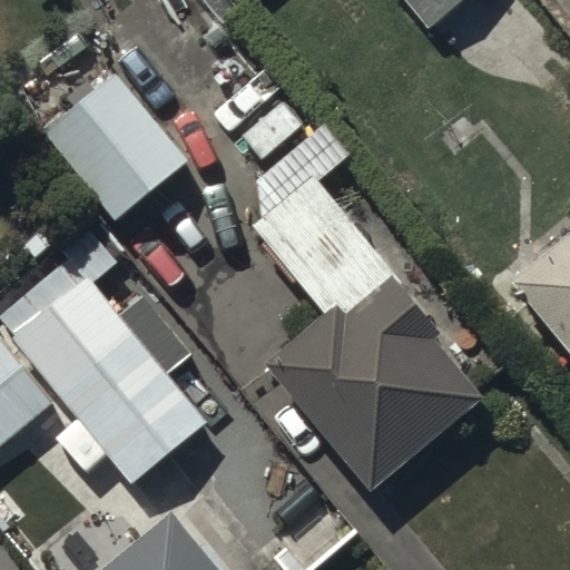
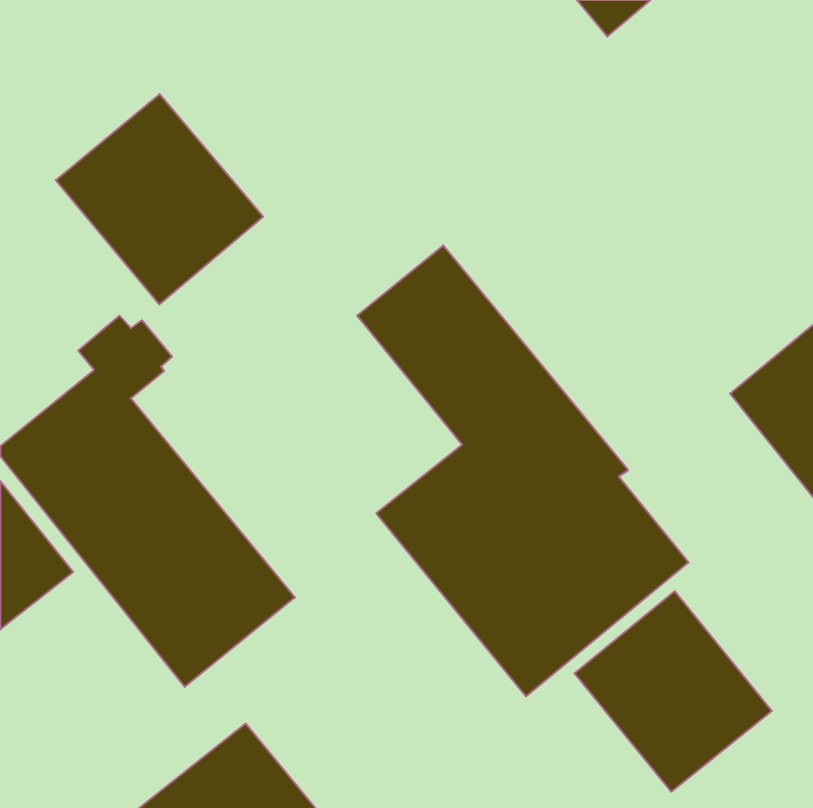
building: none -> [574,591,772,792]

